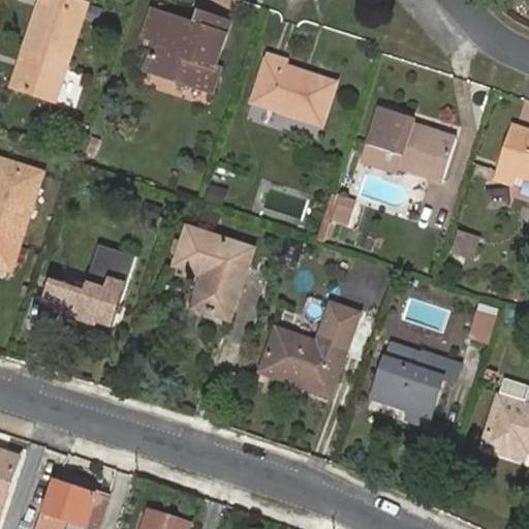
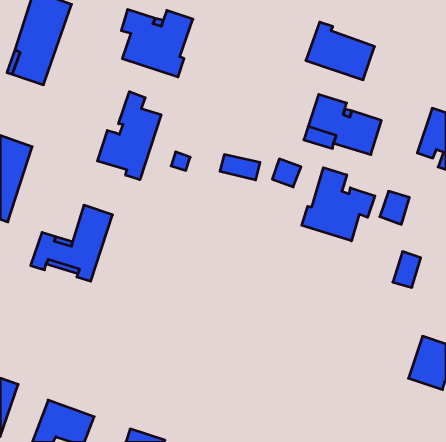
building: [252,55,334,123] -> [306,22,375,80]
building: none -> [97,92,161,180]
building: none -> [302,168,375,241]
building: [178,230,255,321] -> none
building: [258,299,361,398] -> none
building: [375,350,462,423] -> none

